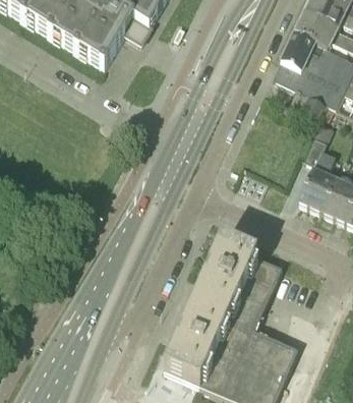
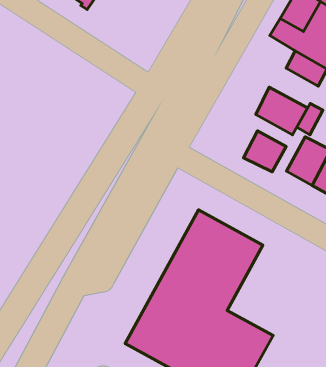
building: none -> [256,87,308,135]
building: none -> [244,131,286,172]

